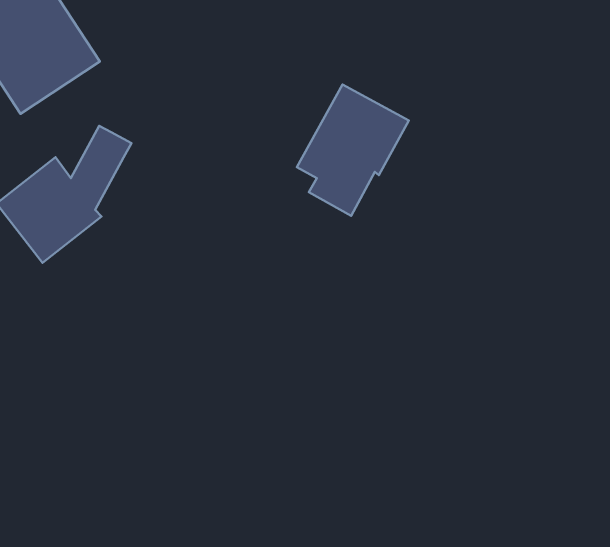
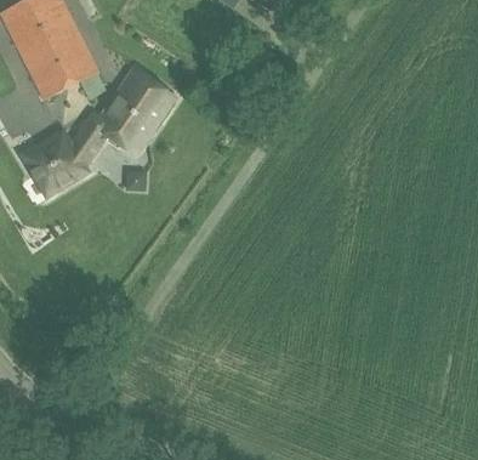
building: [297,84,409,216] -> [101,68,176,153]

